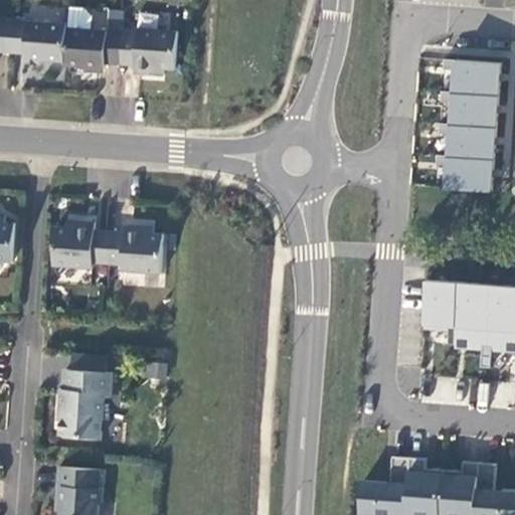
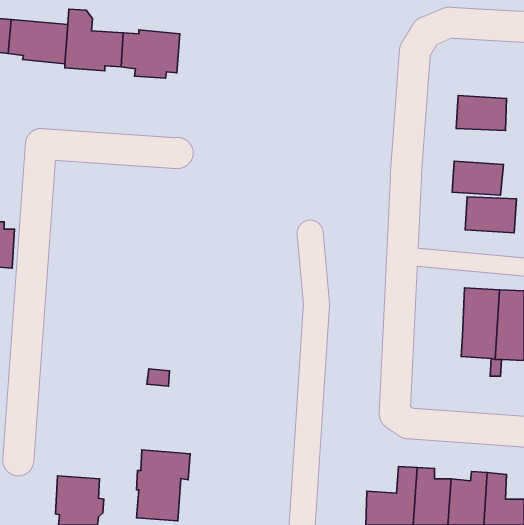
building: [449,60,499,97] -> none
building: [445,126,495,161] -> [465,197,516,233]
building: [52,221,162,274] -> none
building: [421,281,455,329] -> none
building: [59,368,112,438] -> [137,450,190,521]

